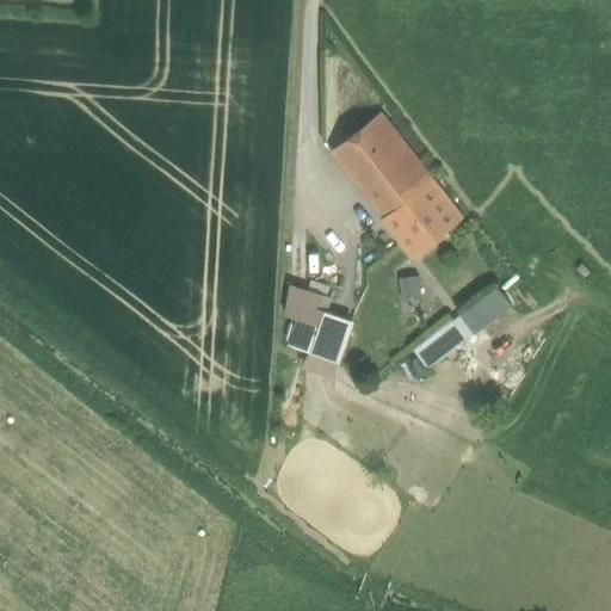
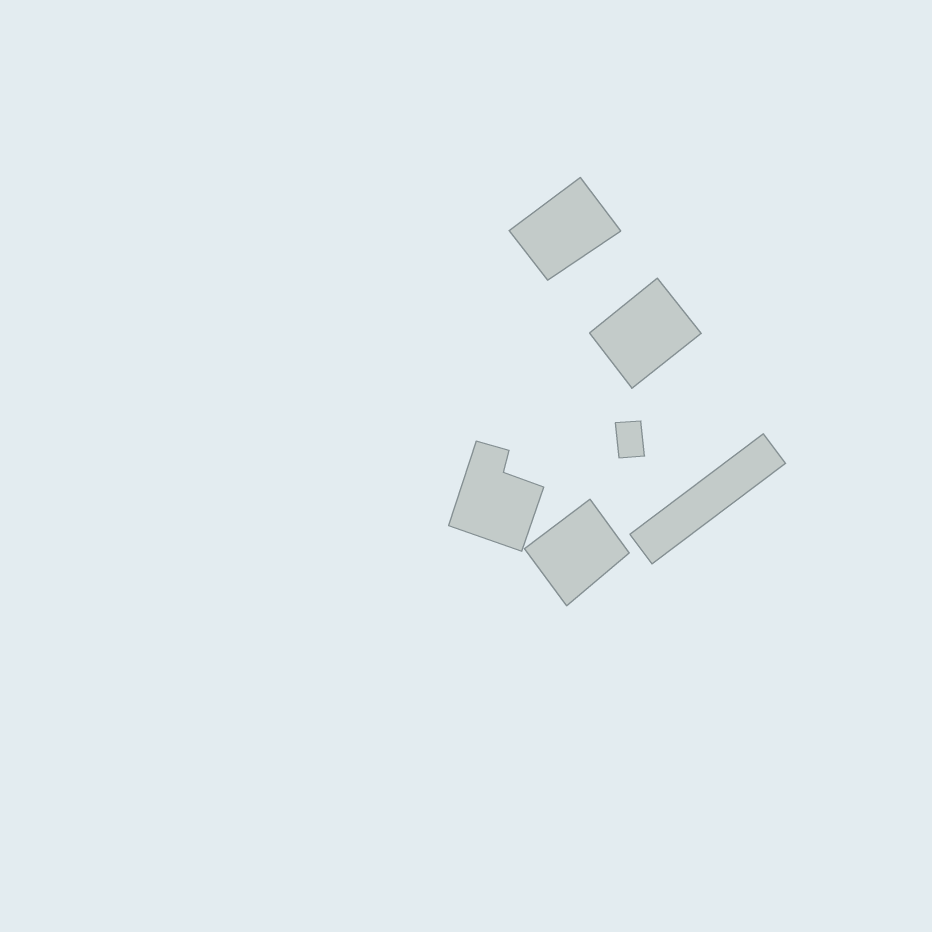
building: [357,153,428,220] -> none
building: none -> [524,499,629,606]

